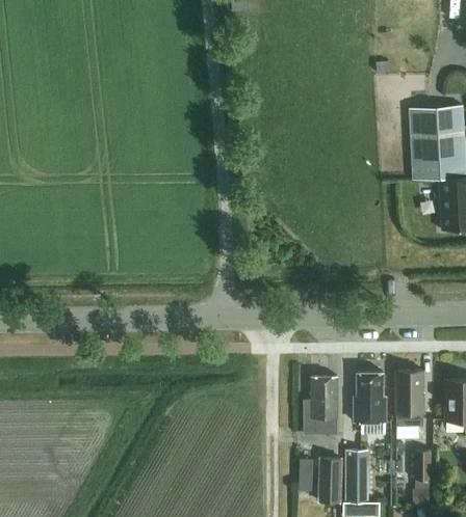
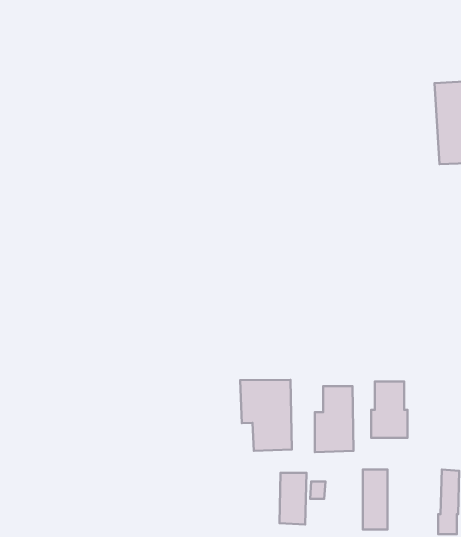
building: none -> [240,380,292,451]
building: [396,372,423,427] -> none
building: [318,458,342,504] -> [279,473,306,524]

